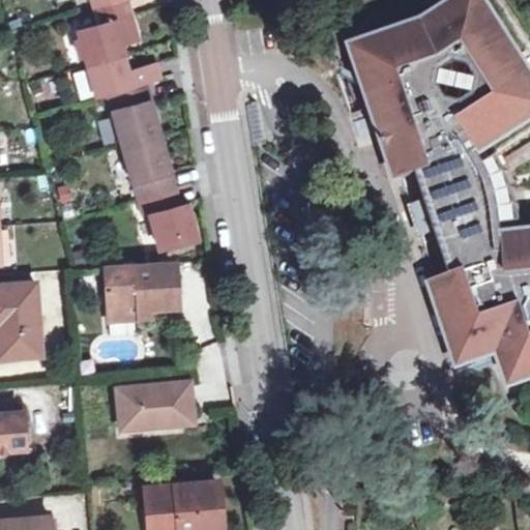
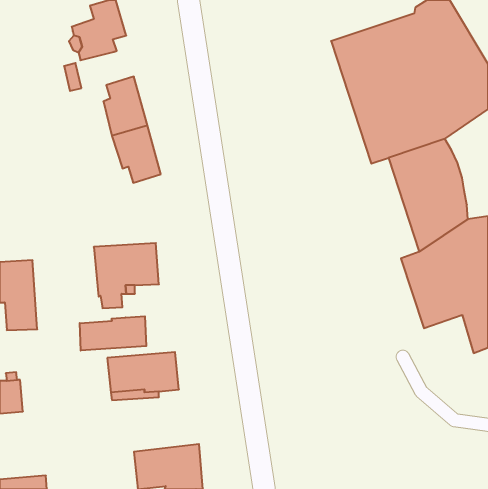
building: [87,56,159,97] -> none
building: [144,188,196,249] -> none
building: none -> [80,316,146,351]

